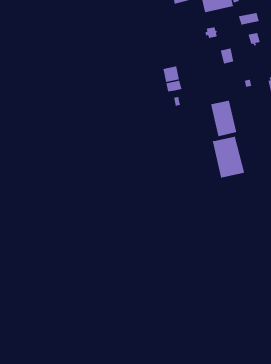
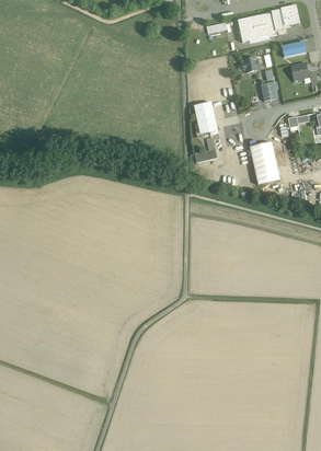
building: [212,136,245,179] -> none

